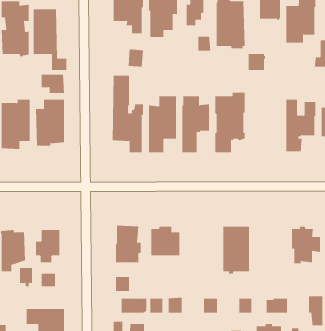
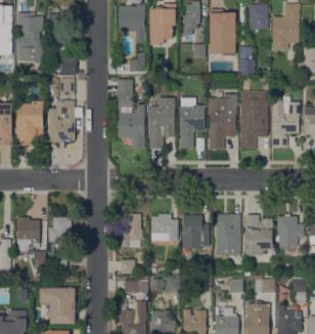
building: none -> [240,91,268,149]
building: none -> [182,214,210,249]
building: none -> [245,214,273,255]

